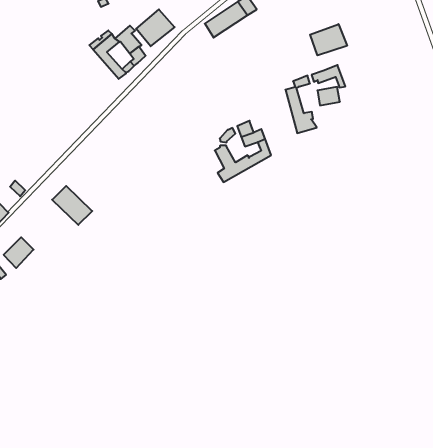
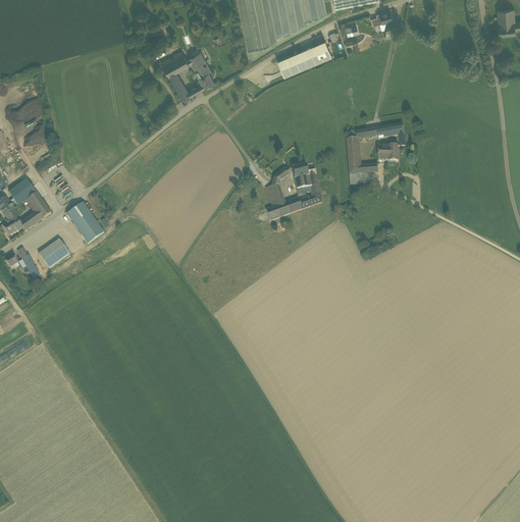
building: [136,9,175,46] -> none
building: [310,24,347,55] -> none
building: [52,186,92,225] -> [65,202,103,243]

